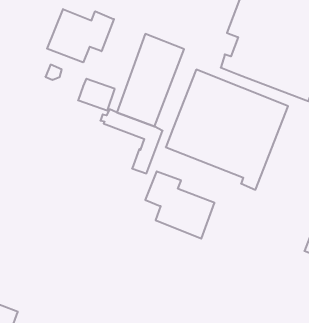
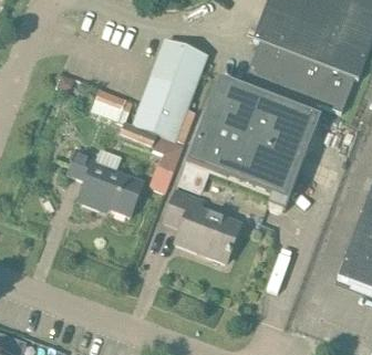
building: [47,9,114,62] -> none
building: none -> [69,146,144,215]

